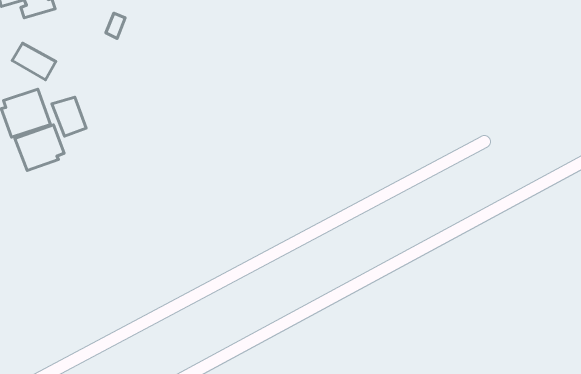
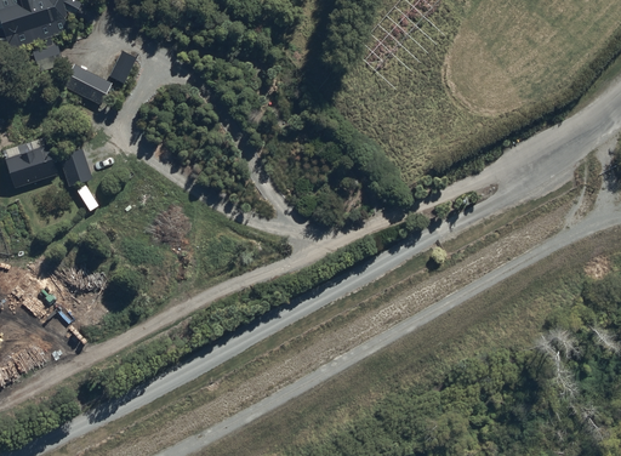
building: [12,43,56,80] -> [62,64,108,103]
building: [15,125,64,171] -> none

